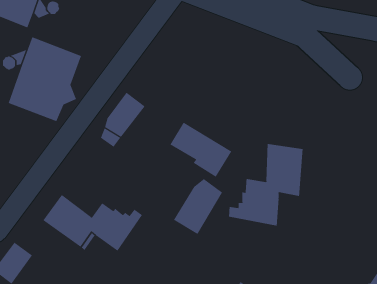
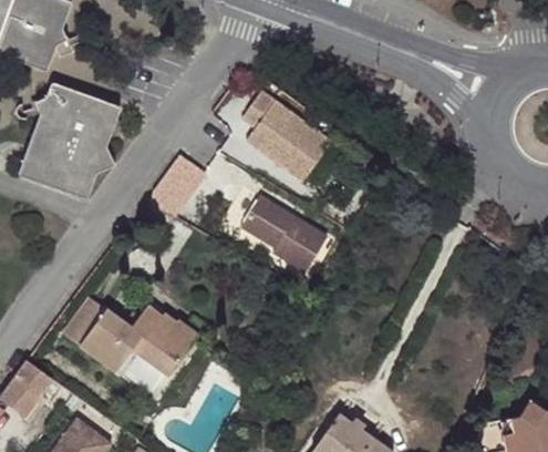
building: none -> [241,91,331,182]
building: [228,143,303,227] -> none
building: [173,178,223,235] -> none

